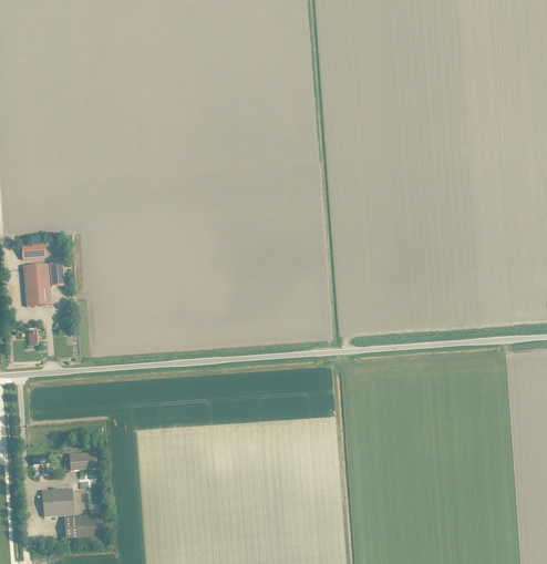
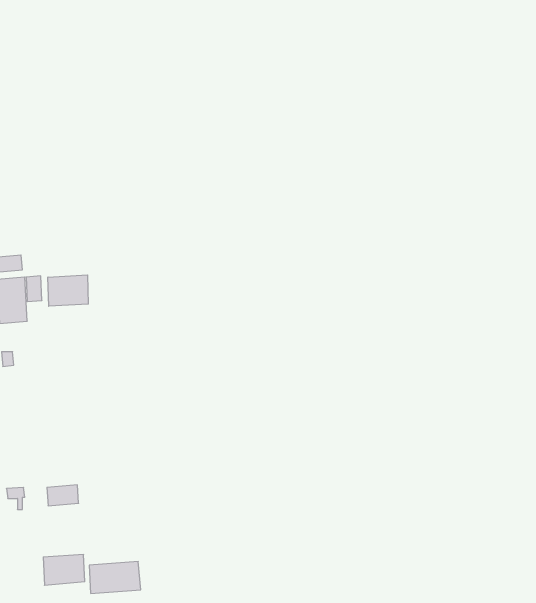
building: none -> [48,275,88,306]
building: [41,486,87,515] -> [89,562,141,593]

